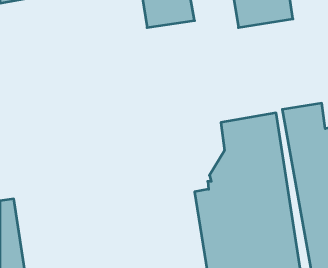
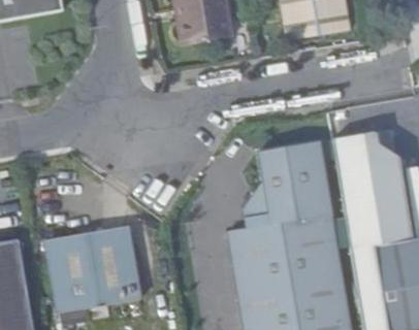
building: none -> [43,226,140,312]

